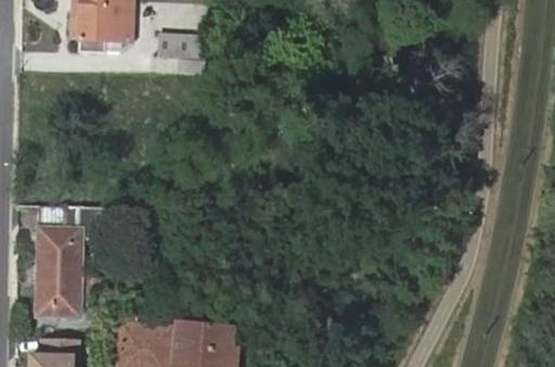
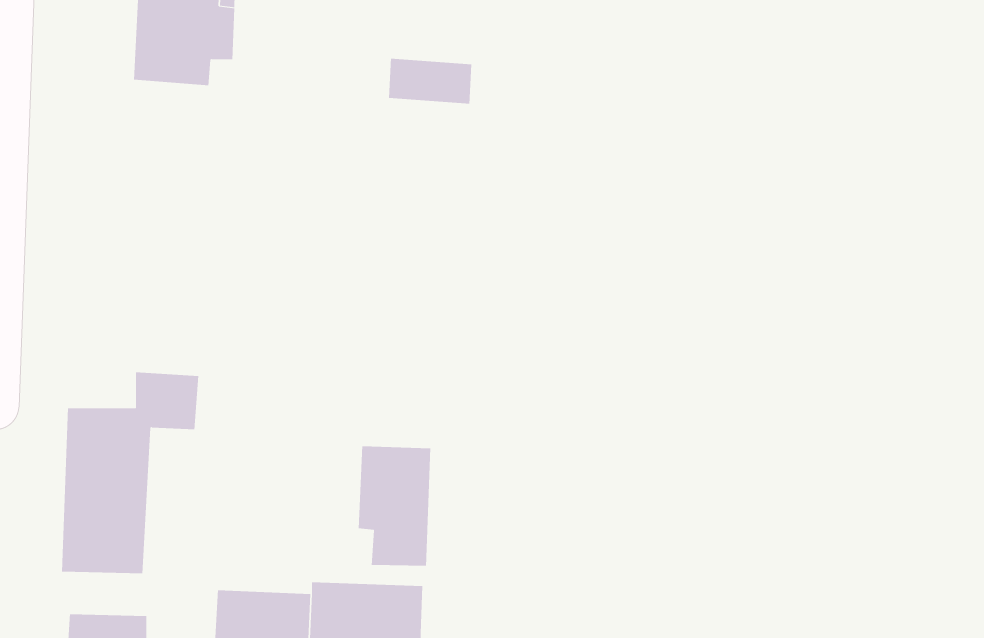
building: [157,30,203,55] -> [388,58,472,104]
building: none -> [358,446,431,567]

